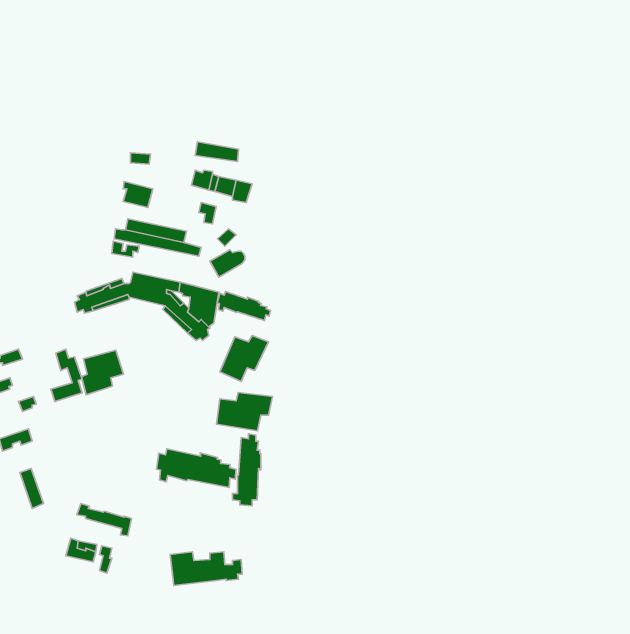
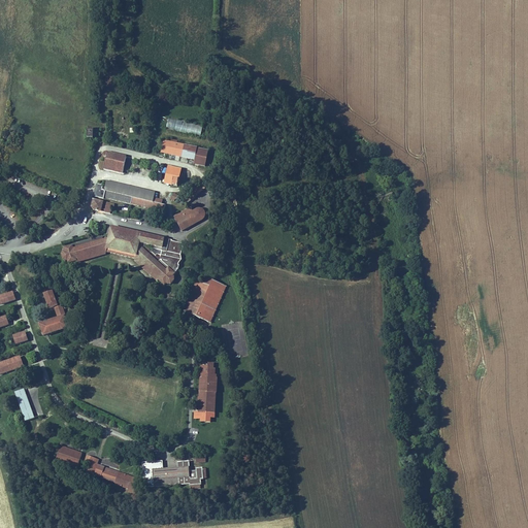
building: [217,291,271,321] -> none
building: [81,350,123,395] -> none
building: [217,393,272,431] -> none
building: [156,449,236,487] -> none
building: [77,504,132,536] -> [93,463,138,490]

